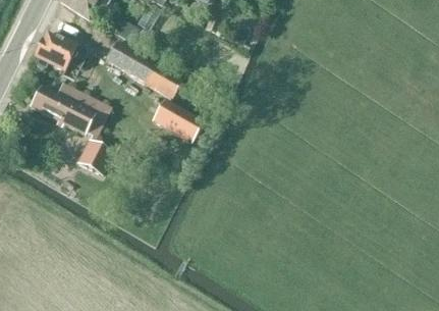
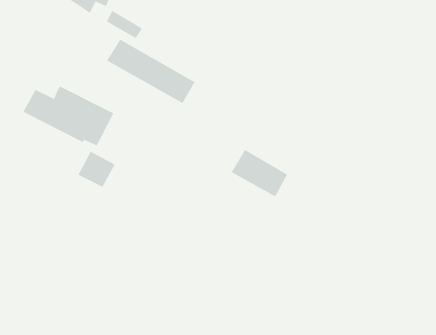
building: [35,33,89,69] -> none
building: [152,100,203,143] -> [231,149,288,197]

